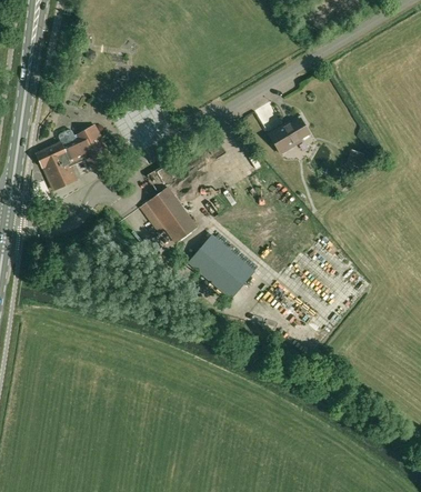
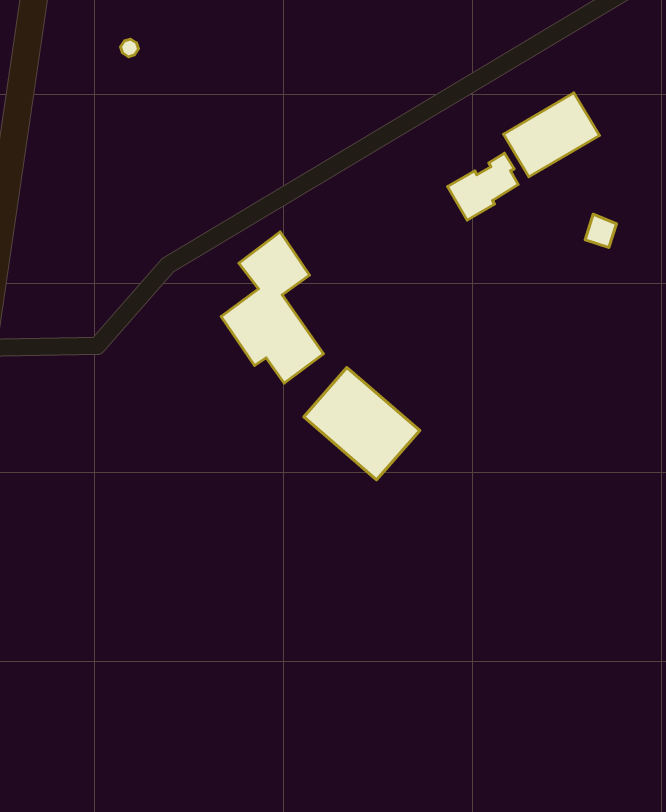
building: none -> [503,93,599,177]
building: [37,124,112,189] -> none

